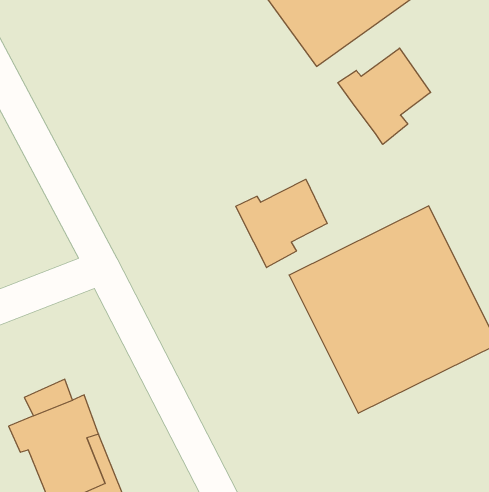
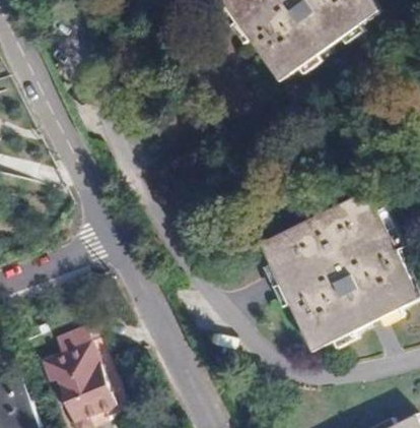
building: [338,48,431,144] -> none
building: [236,179,327,268] -> none

